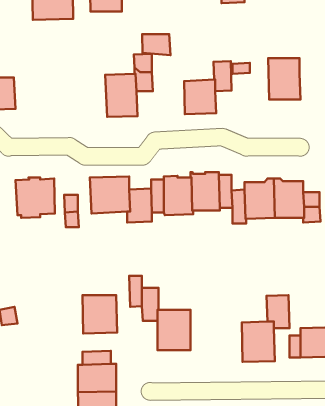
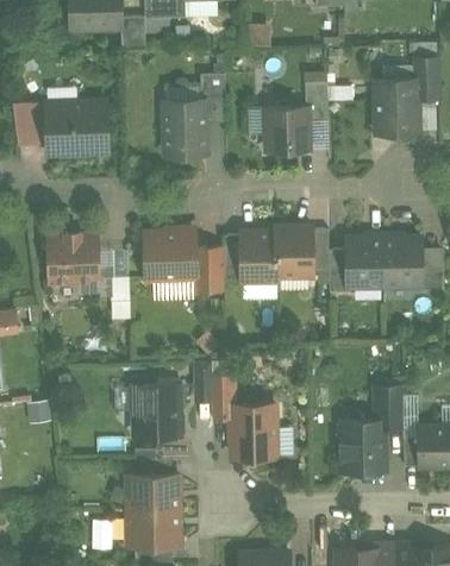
building: none -> [120,17,145,51]
building: [142,34,170,55] -> none
building: none -> [413,57,437,99]
building: none -> [44,101,107,153]

